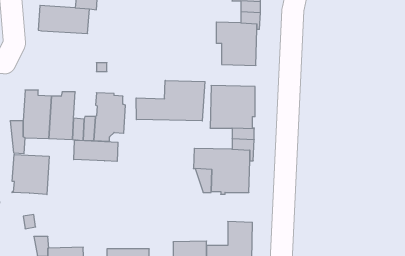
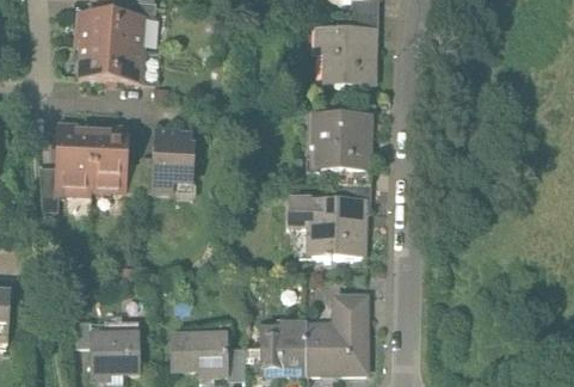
building: none -> [79,47,143,84]
building: [136,80,205,121] -> none
building: [74,140,118,161] -> none
building: [12,154,49,195] -> none

